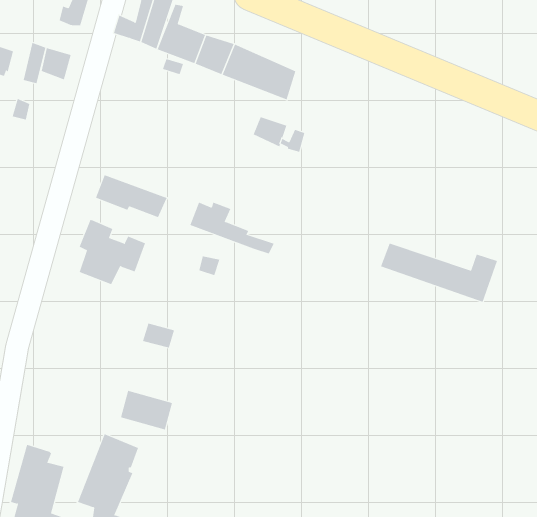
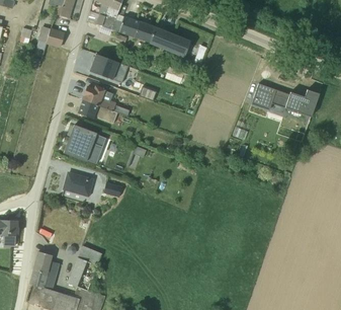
building: none -> [89,54,129,83]
building: [189,202,274,254] -> [82,86,130,115]
building: [380,243,498,303] -> [253,83,319,117]
building: [120,390,173,430] -> [64,172,93,195]

